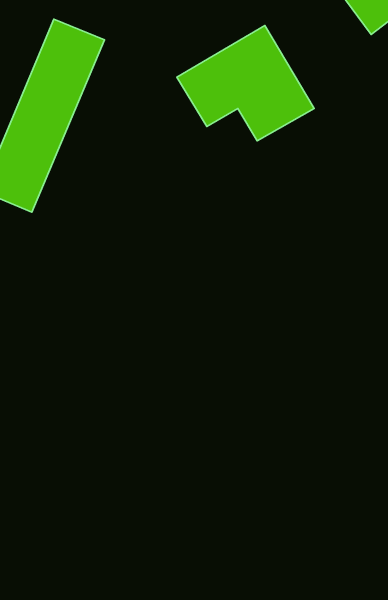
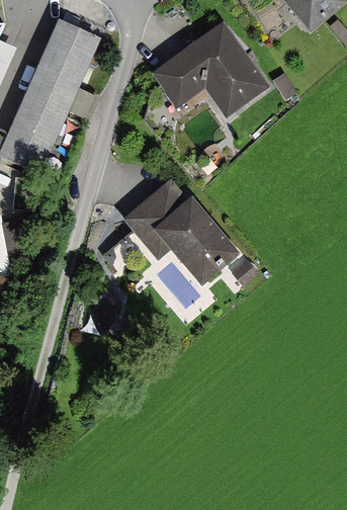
building: none -> [102,175,241,283]

